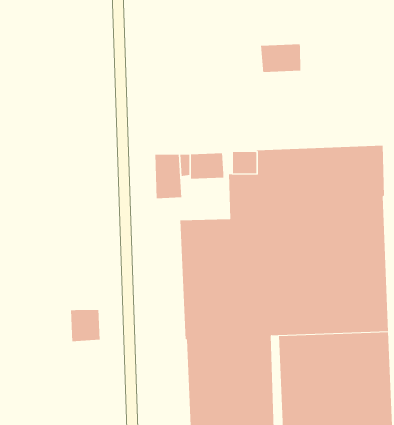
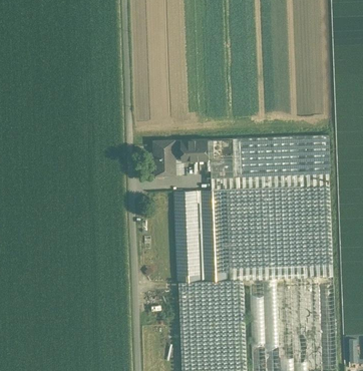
building: [260,43,301,73] -> none
building: [70,309,100,342] -> none

